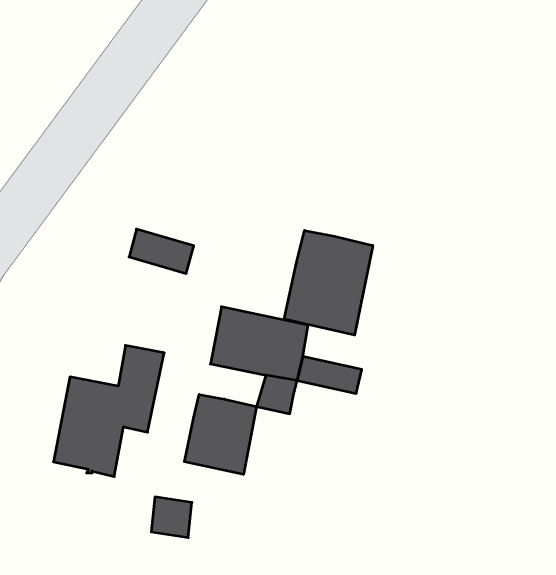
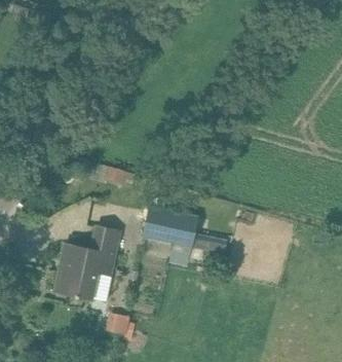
building: [284,230,373,335] -> none
building: [184,394,257,474] -> none

